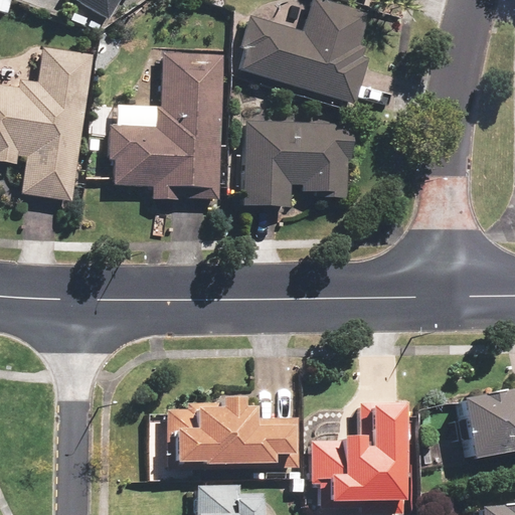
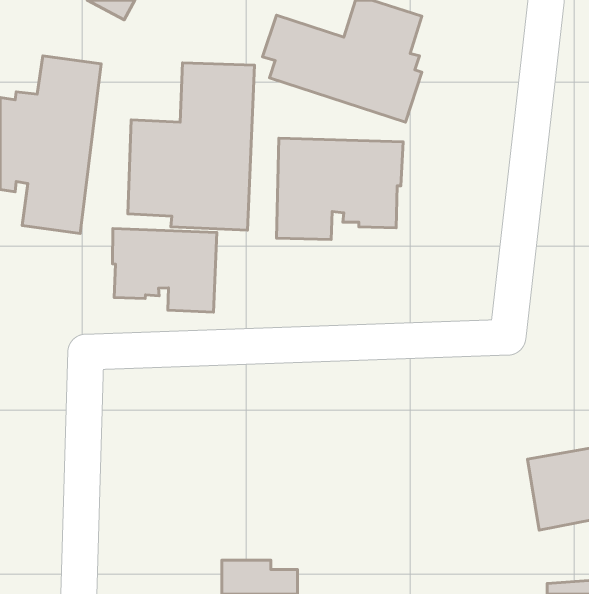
building: none -> [112,229,217,312]
building: [167,396,299,470] -> none
building: [309,401,407,510] -> none

